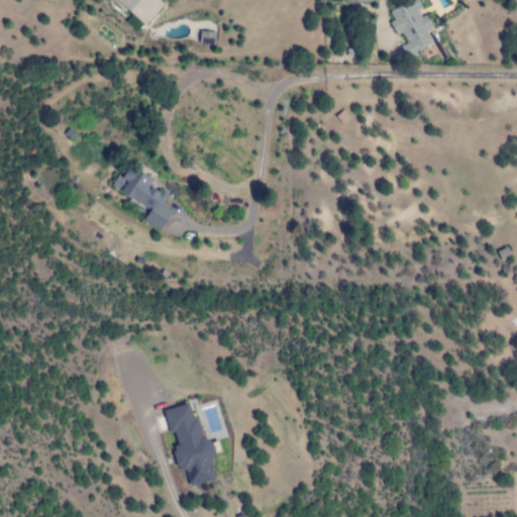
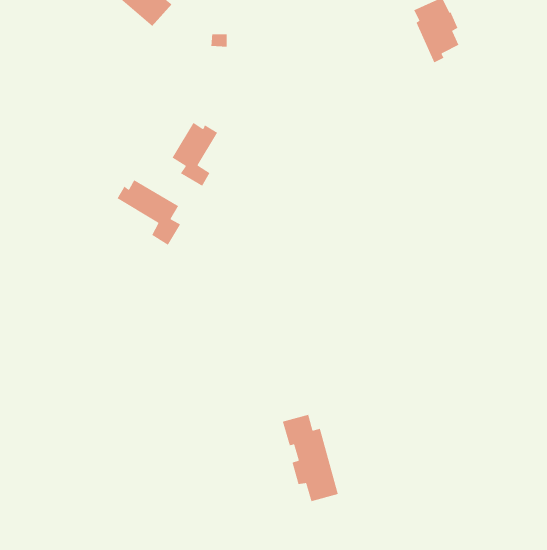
building: none -> [171,122,218,187]
building: [165,403,218,486] -> [282,414,339,502]

